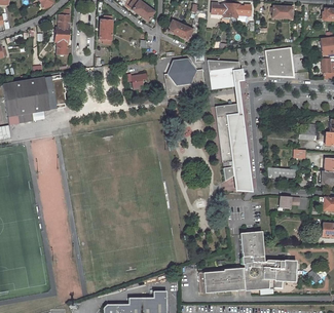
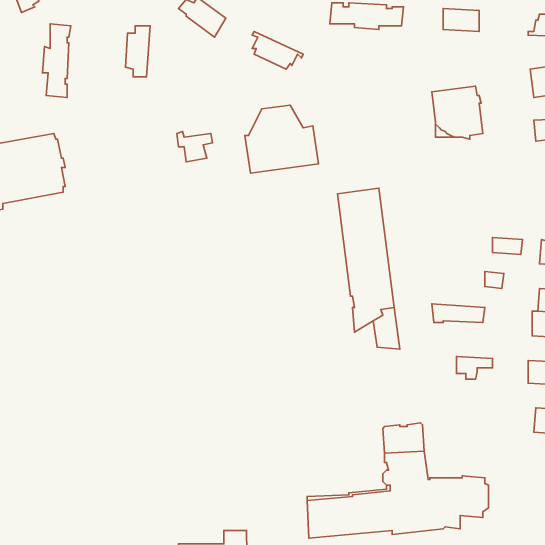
building: [207,61,243,89] -> none

